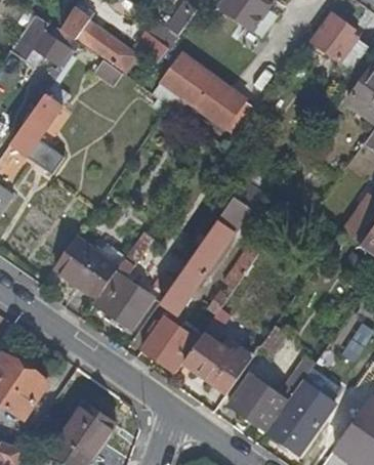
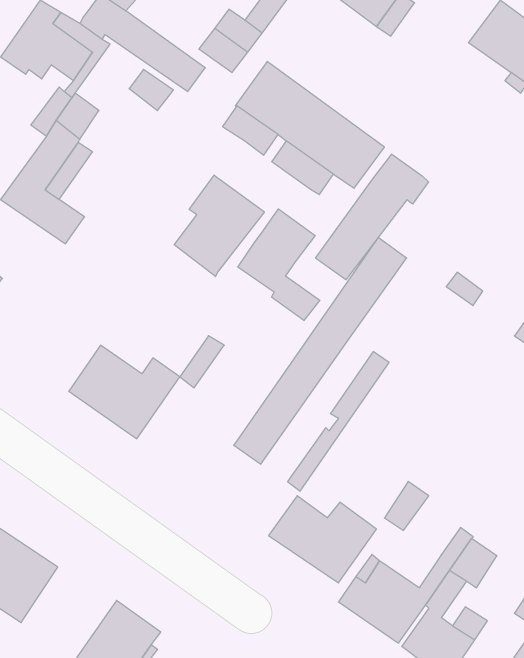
building: none -> [316,154,429,280]
building: none -> [174,175,264,277]
building: none -> [238,209,320,321]
building: [93,271,154,330] -> none
building: [140,316,201,372] -> none

